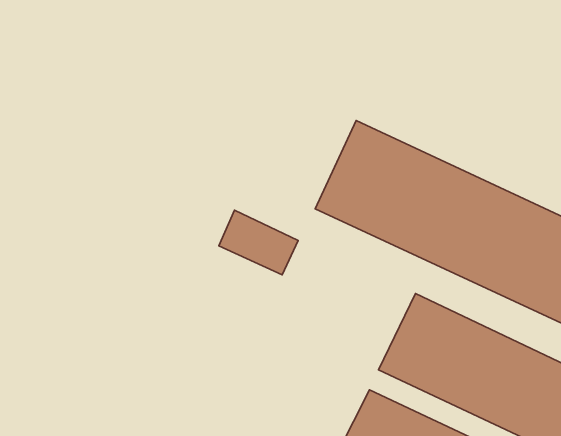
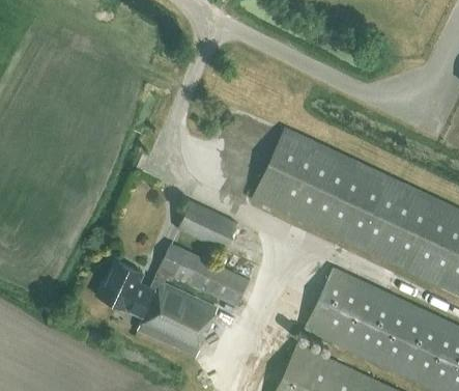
building: none -> [96,243,251,354]

